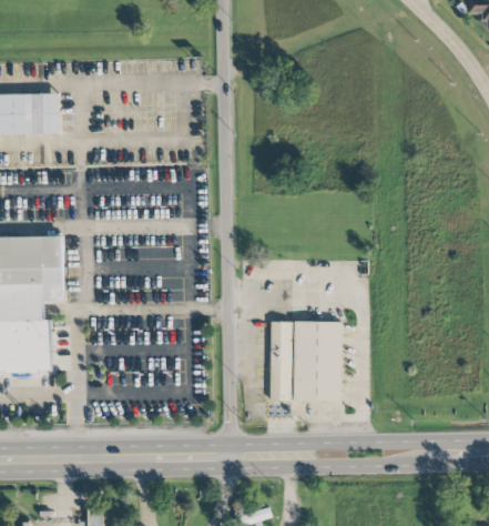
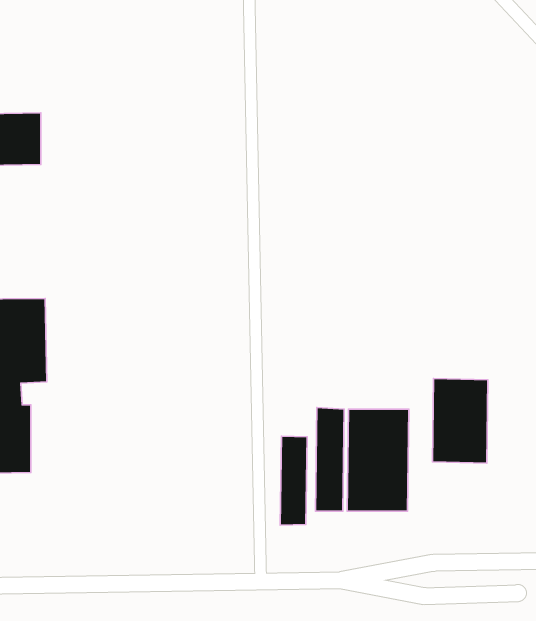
building: none -> [432,379,488,463]
building: none -> [280,436,307,525]

